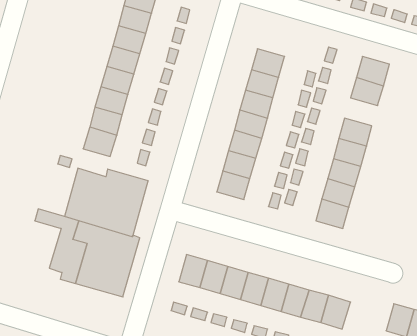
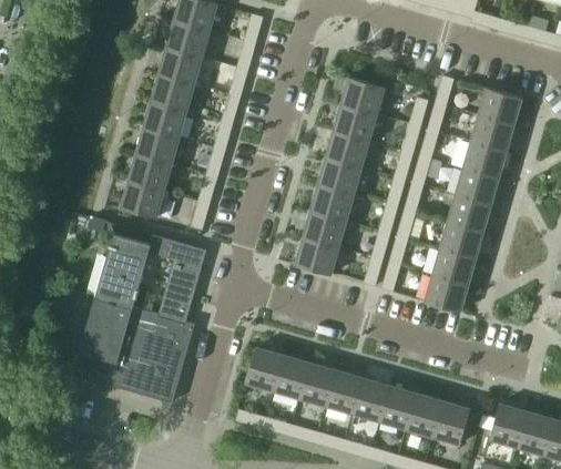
building: none -> [462,142,506,179]
building: none -> [489,404,527,447]

